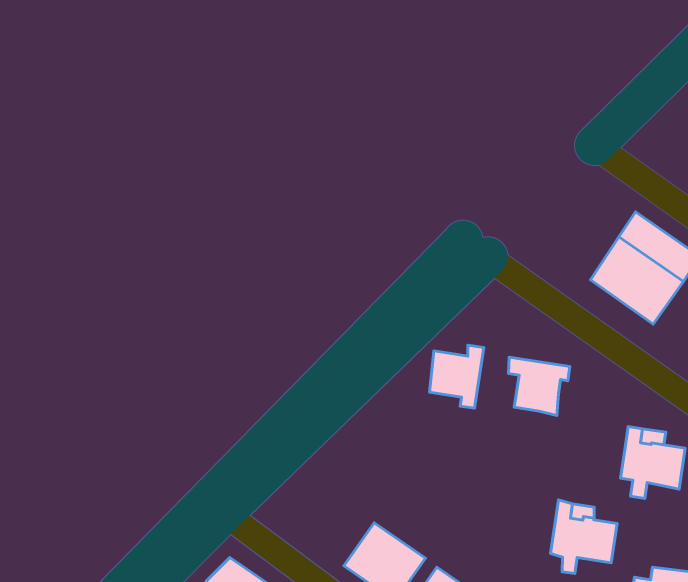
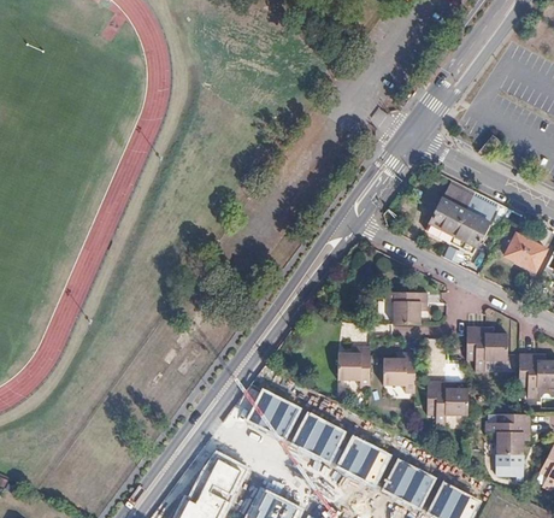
building: [430,345,484,408] -> [334,347,366,388]
building: none -> [381,352,414,393]
building: none -> [247,389,300,438]

